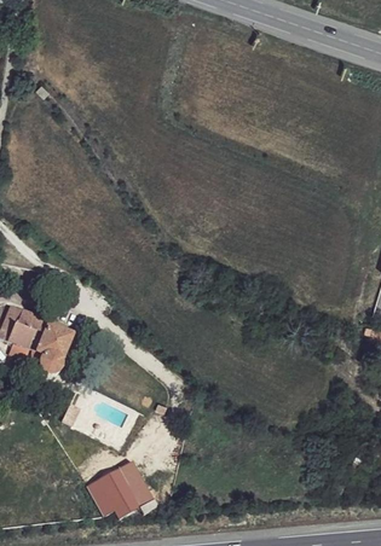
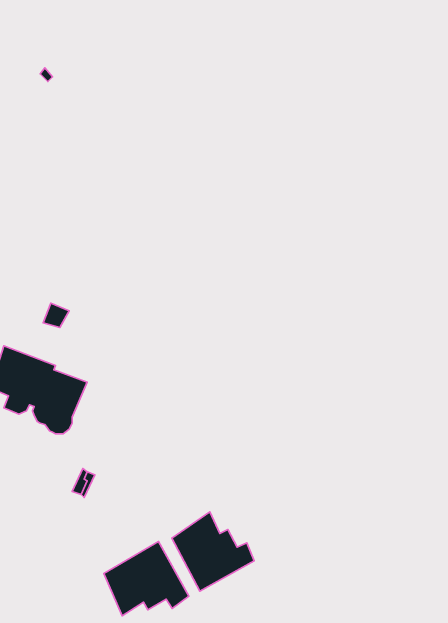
building: none -> [172,512,254,591]

